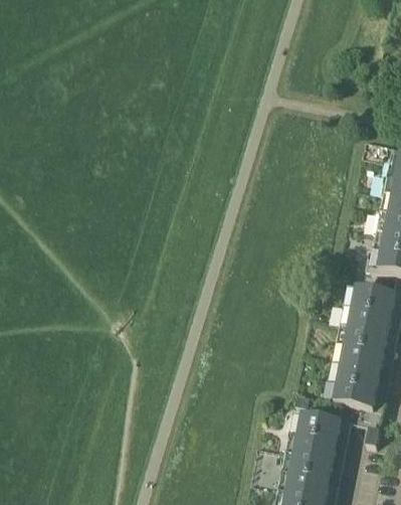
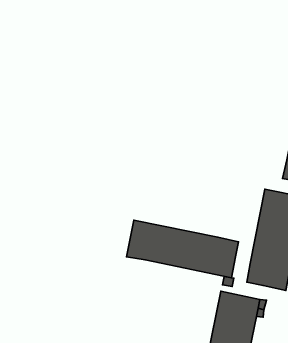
building: none -> [127,220,238,278]

